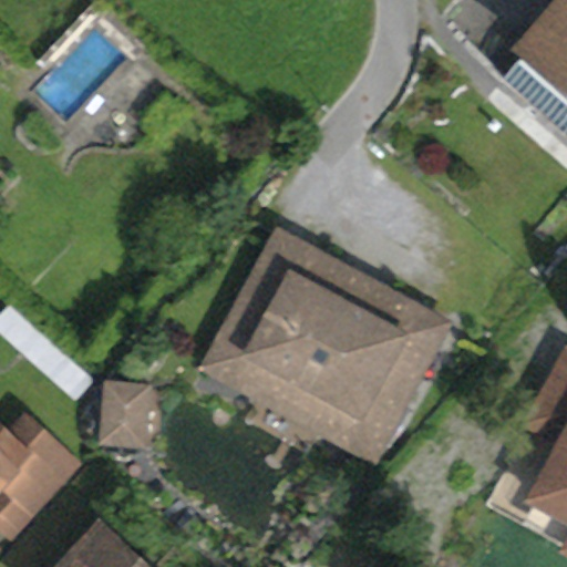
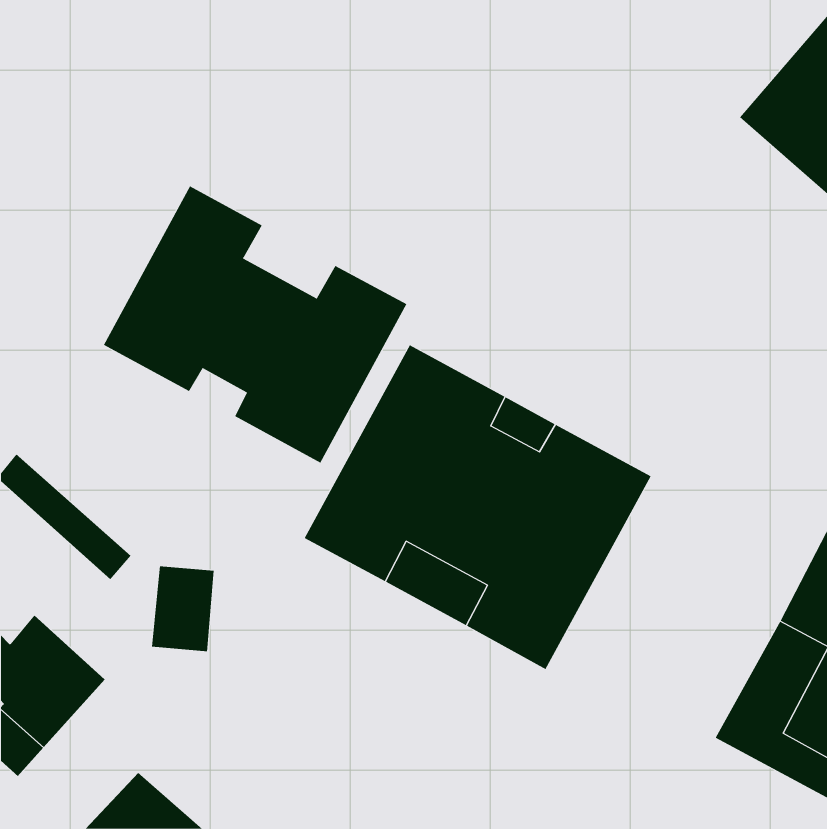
building: none -> [103,185,407,464]

